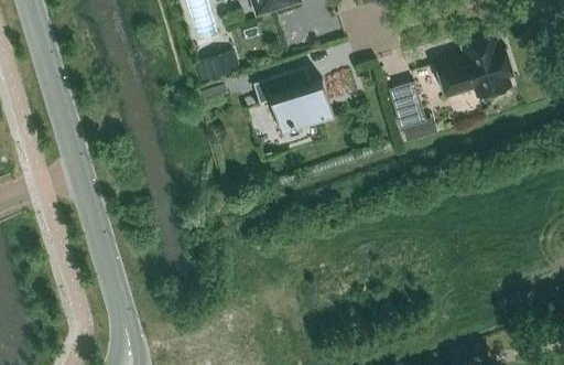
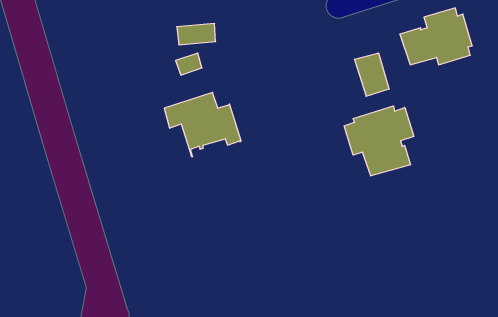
building: [253,68,334,136] -> [164,92,241,157]
building: none -> [344,106,414,176]

